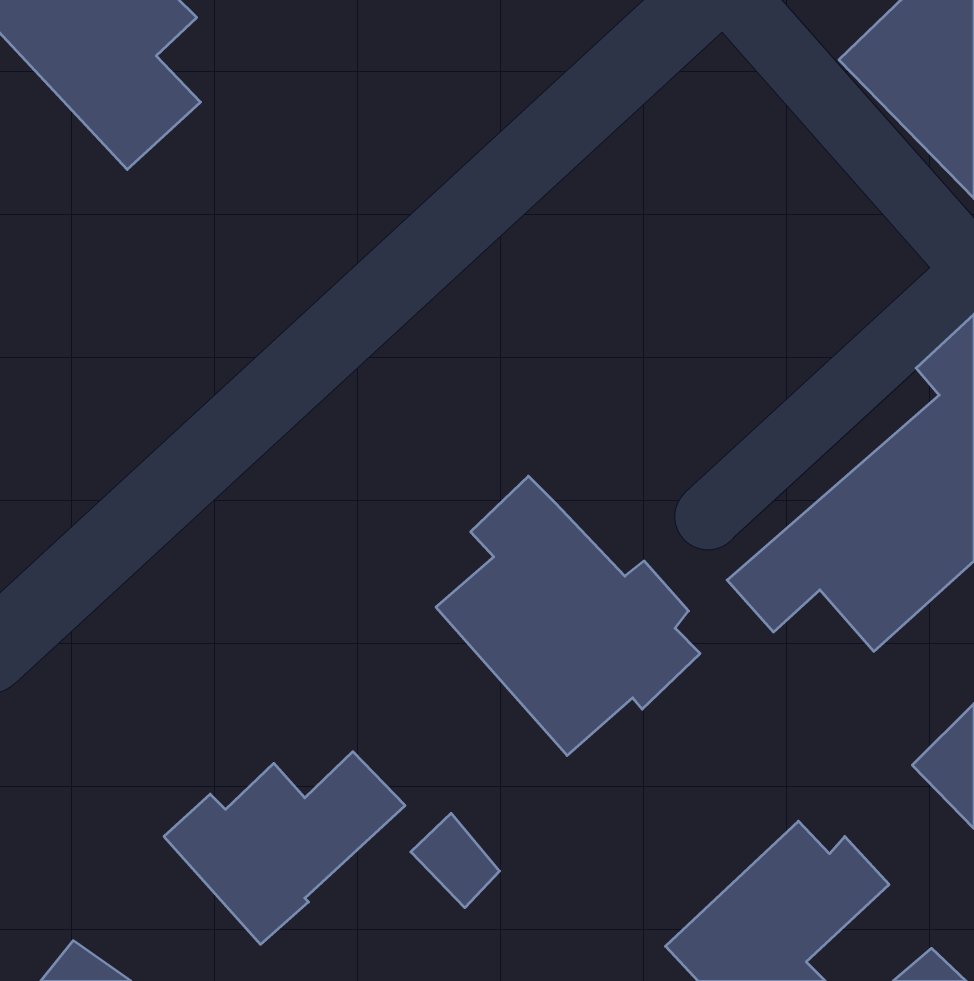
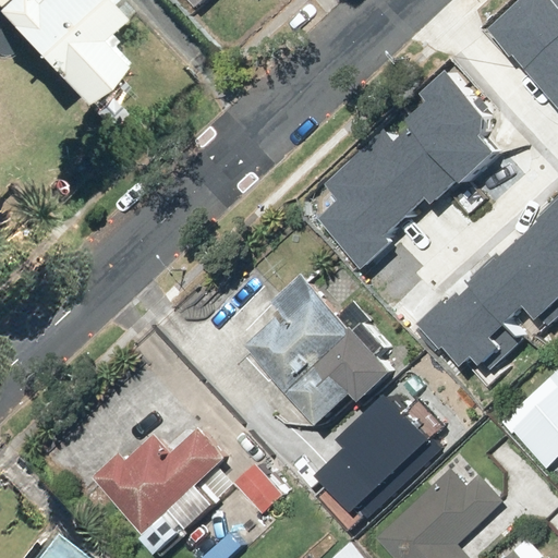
building: none -> [314,75,504,283]
building: none -> [329,388,448,513]

